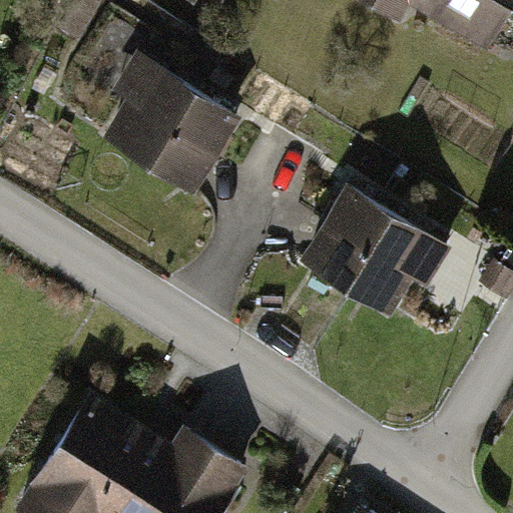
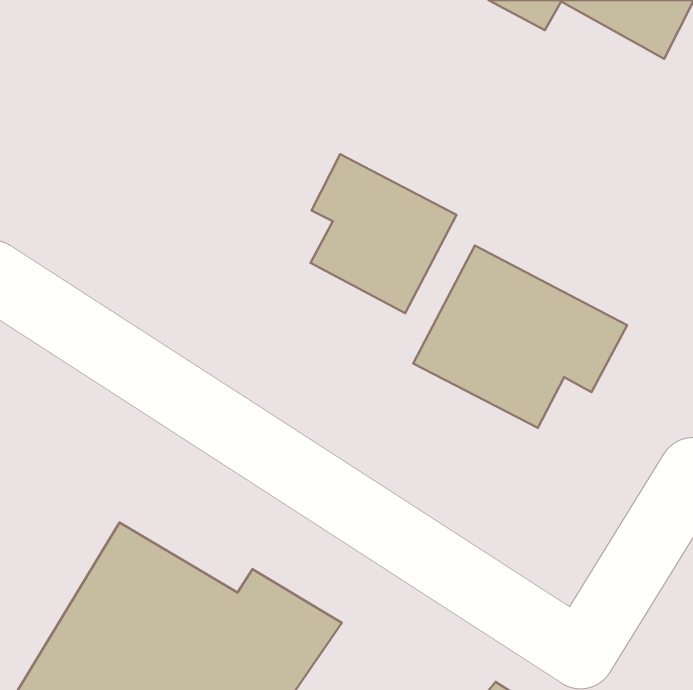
building: [106,53,239,195] -> none
building: none -> [311,154,456,313]

